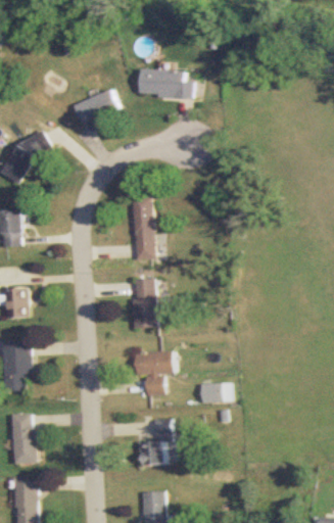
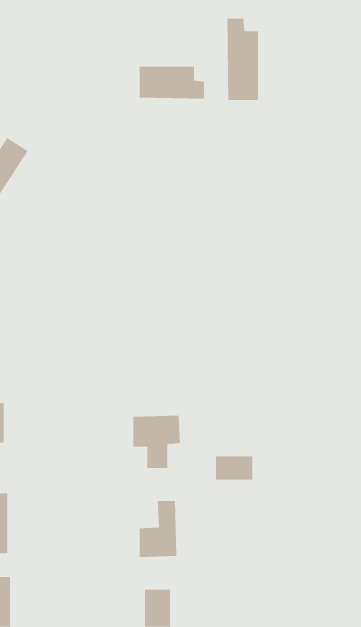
building: none -> [227,18,258,101]
building: [74,88,120,126] -> none
building: [135,197,154,259] -> none
building: [132,279,155,328] -> none

